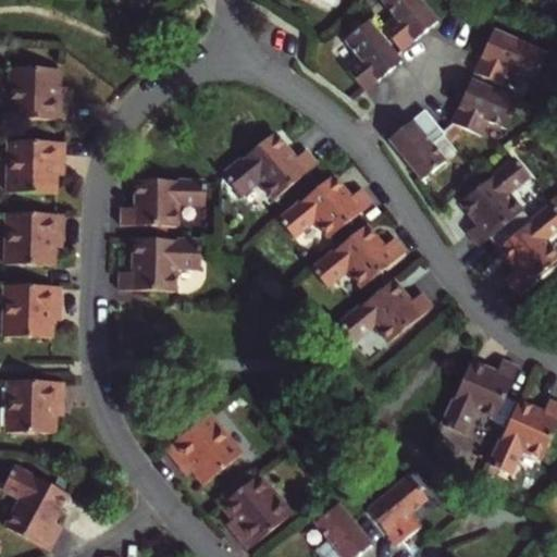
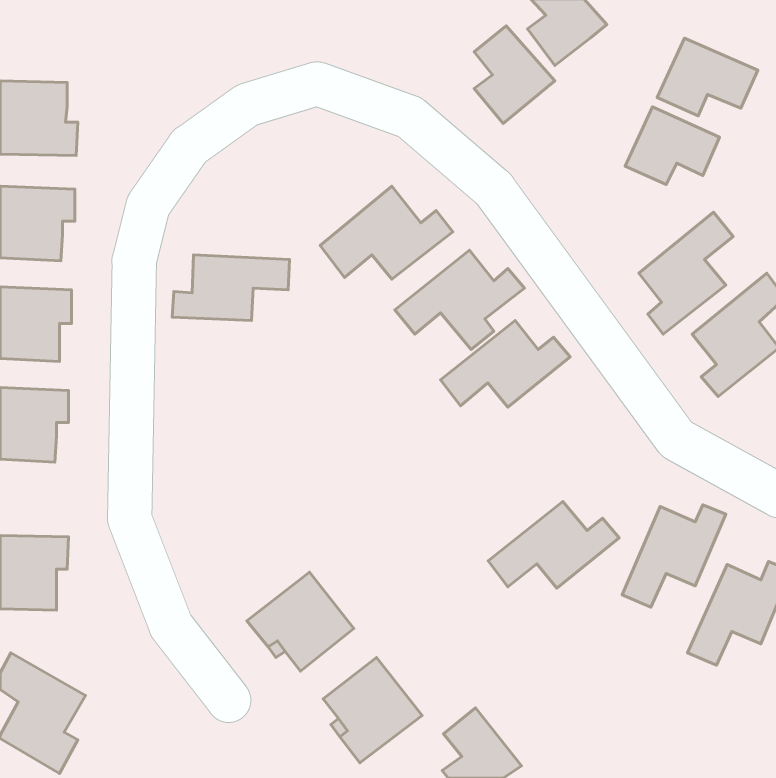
building: [385,103,442,173] -> none
building: [124,240,206,293] -> none
building: [343,284,436,346] -> [488,501,619,588]
building: [372,476,432,547] -> none

